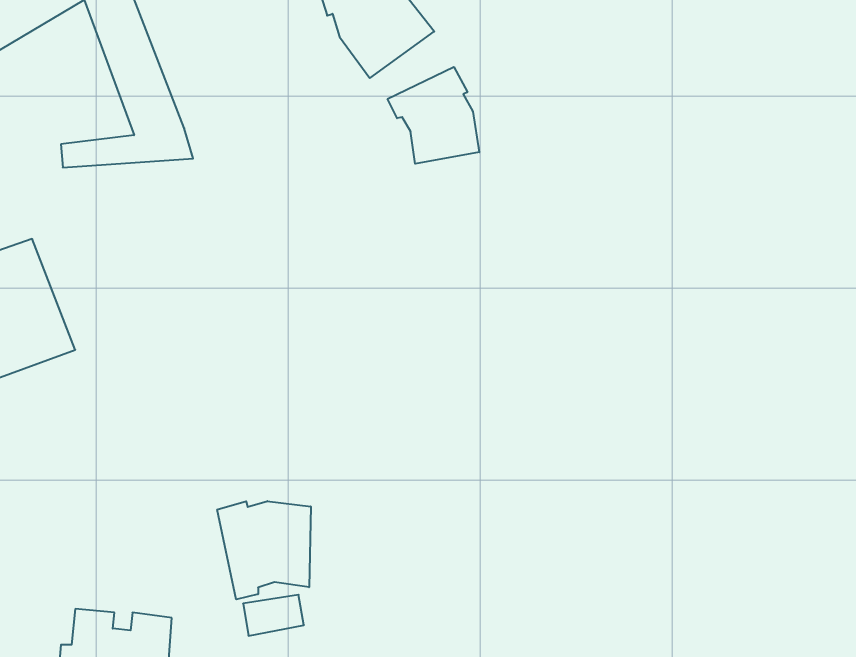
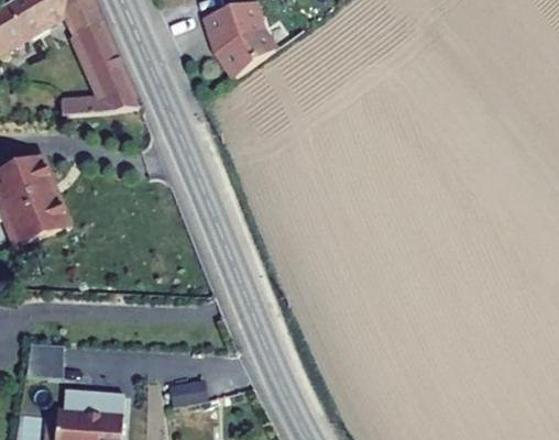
building: [388,67,479,164] -> none
building: [217,501,311,599] -> none

